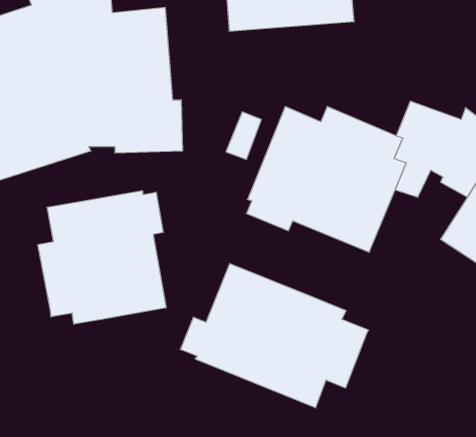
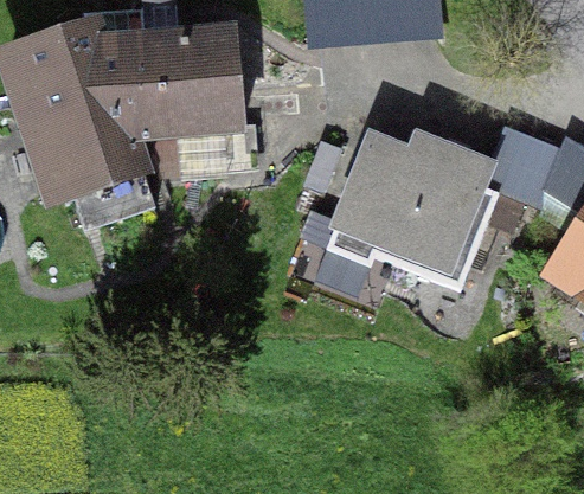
building: [38,191,166,324] -> none
building: [180,264,369,408] -> none

